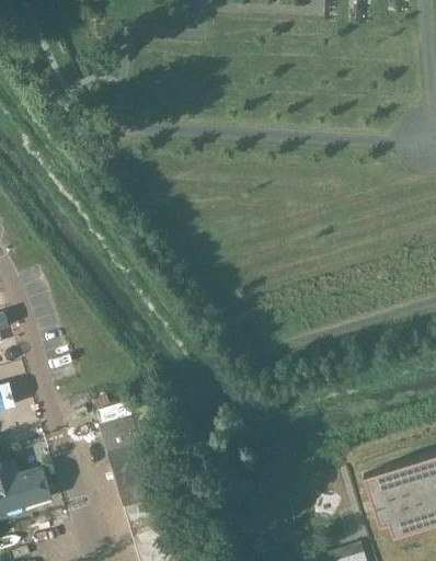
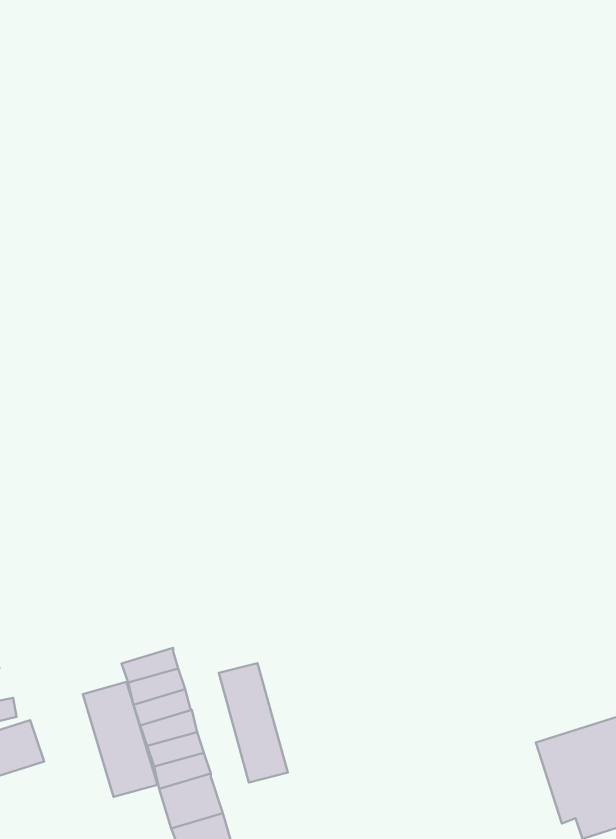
building: none -> [219,663,288,782]
building: none -> [83,682,157,797]

